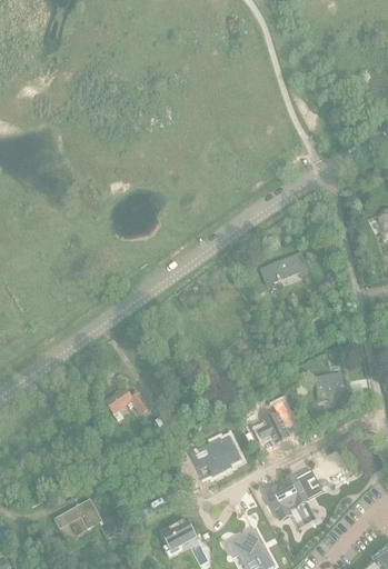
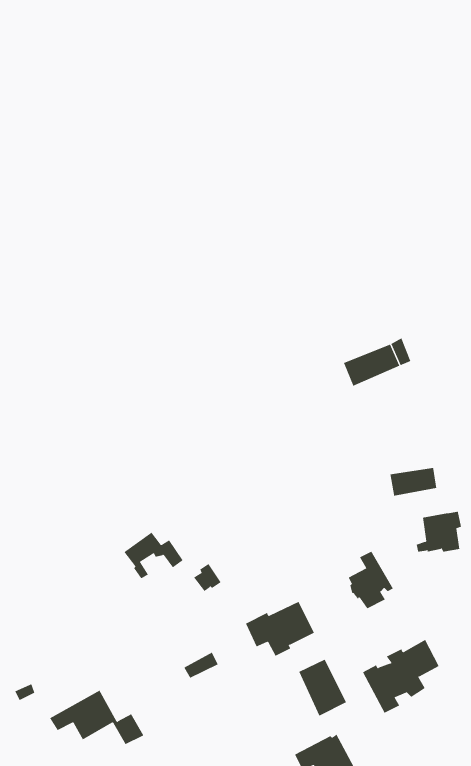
building: none -> [390,467,437,496]
building: none -> [299,659,347,716]
building: [160,520,193,548] -> none

